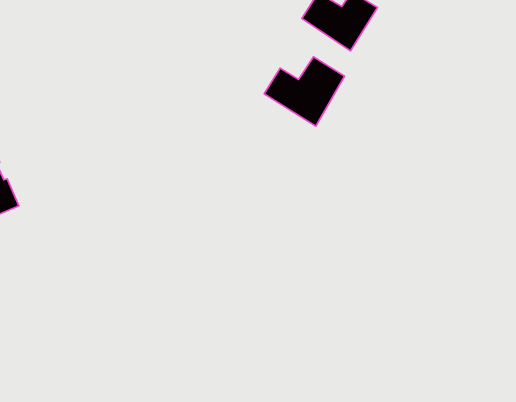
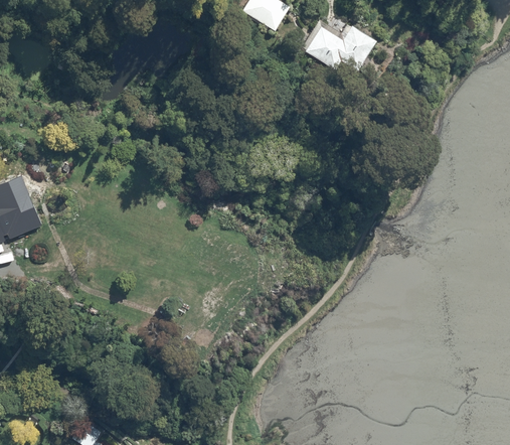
building: [264,57,344,126] -> none

